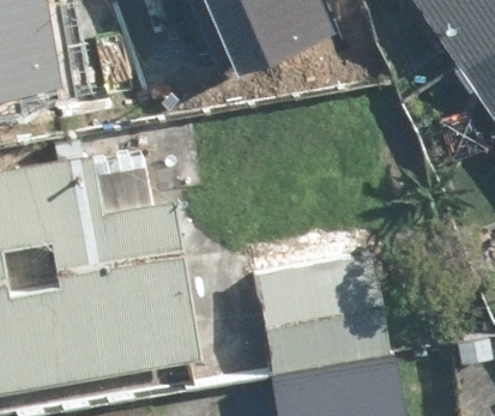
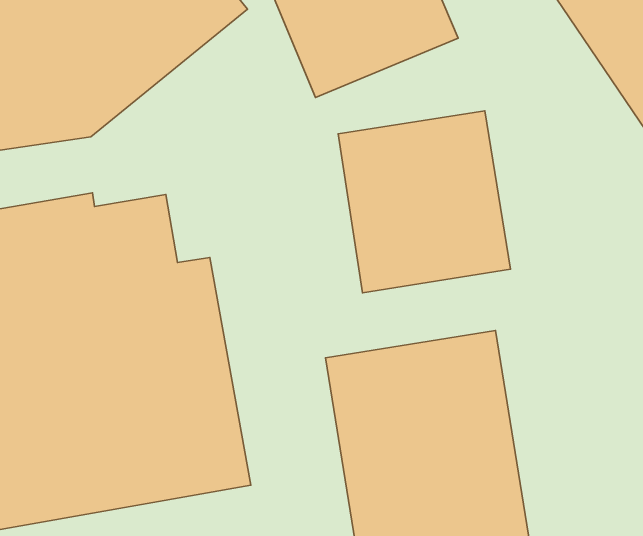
building: none -> [338,111,511,293]

